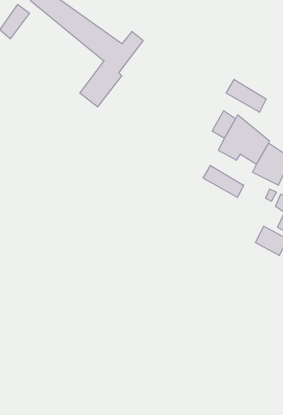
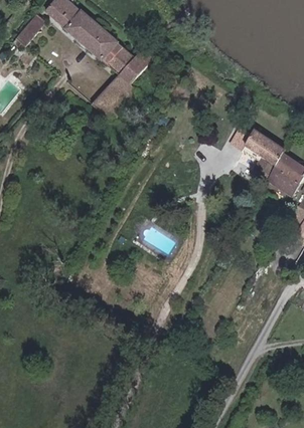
building: [226,79,266,112] -> none
building: [203,165,244,197] -> none

